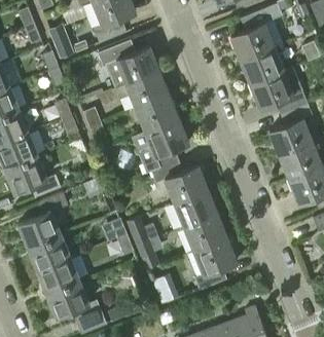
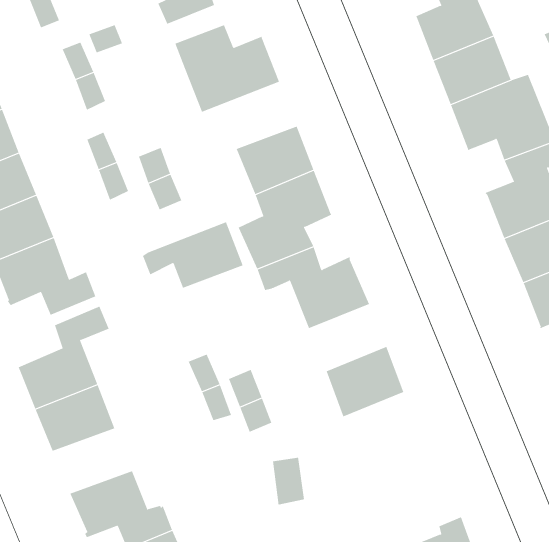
building: [114,72,169,108] -> [142,221,244,288]
building: [175,191,217,227] -> none
building: [193,238,237,291] -> none
building: [37,258,80,293] -> none

